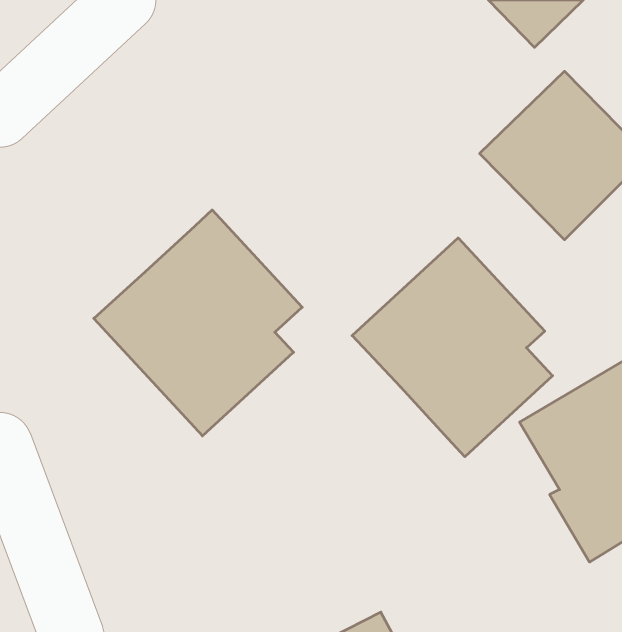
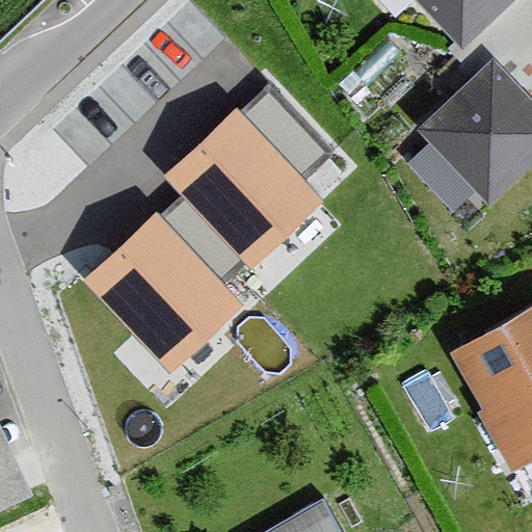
building: none -> [176,64,363,261]
building: [352,238,553,457] -> none

